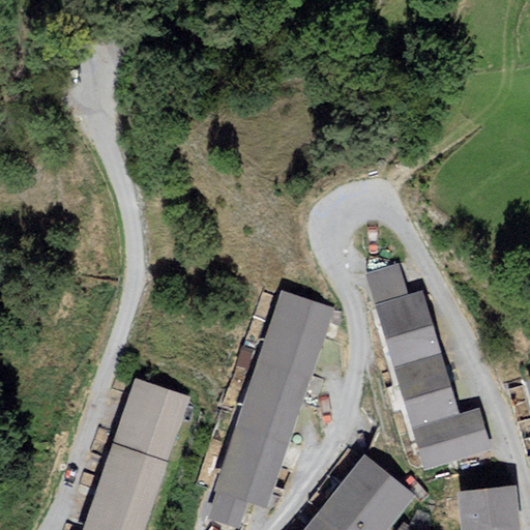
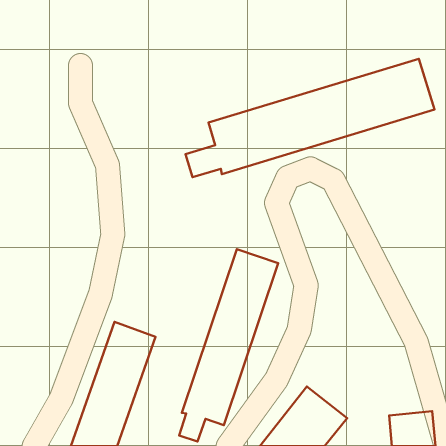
building: none -> [186,59,434,177]
building: [367,265,488,465] -> none

